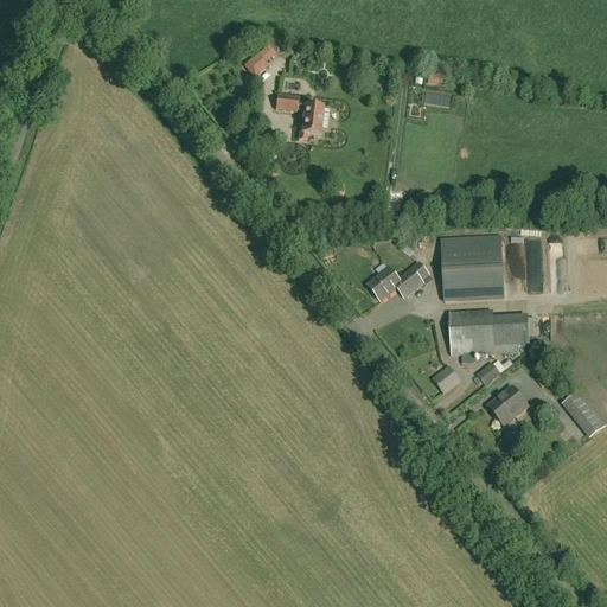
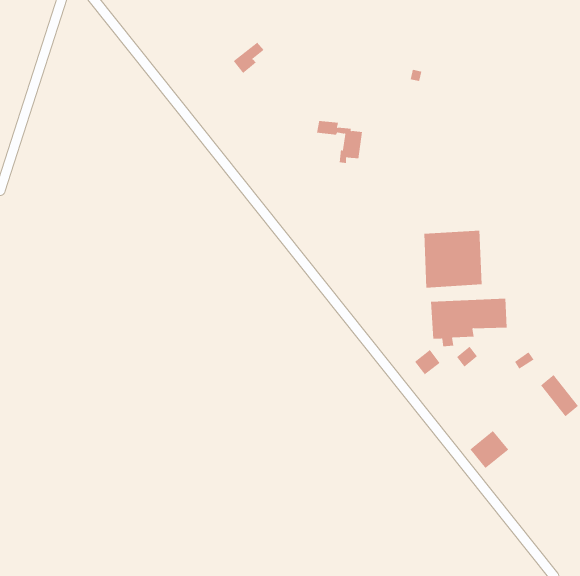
building: [275,95,324,140] -> [316,120,363,163]
building: [368,262,429,300] -> none
building: [487,385,529,426] -> [469,430,509,469]

